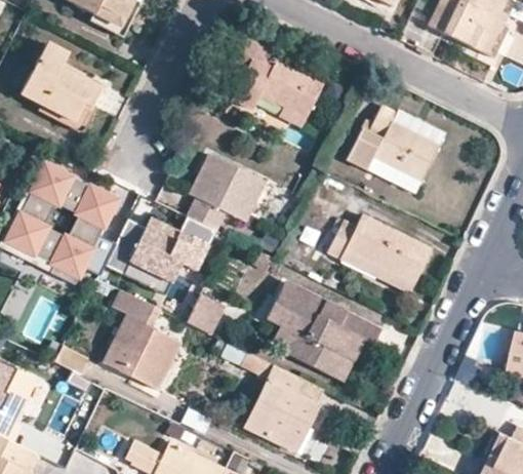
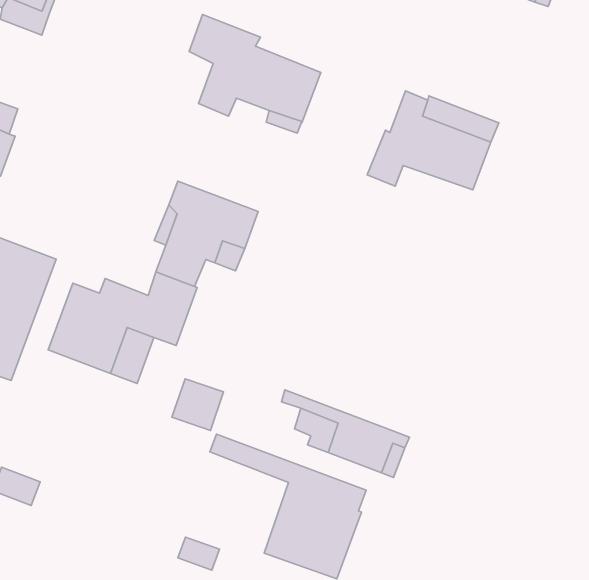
building: [326,216,429,294] -> none
building: [272,282,383,354] -> none
building: [100,287,178,387] -> none

